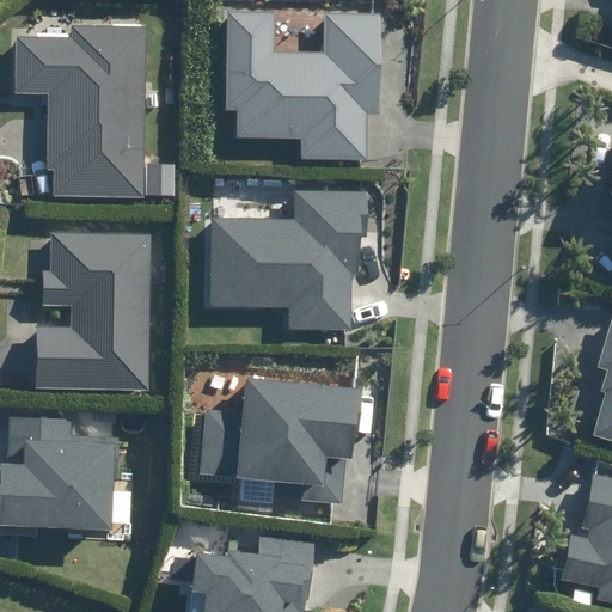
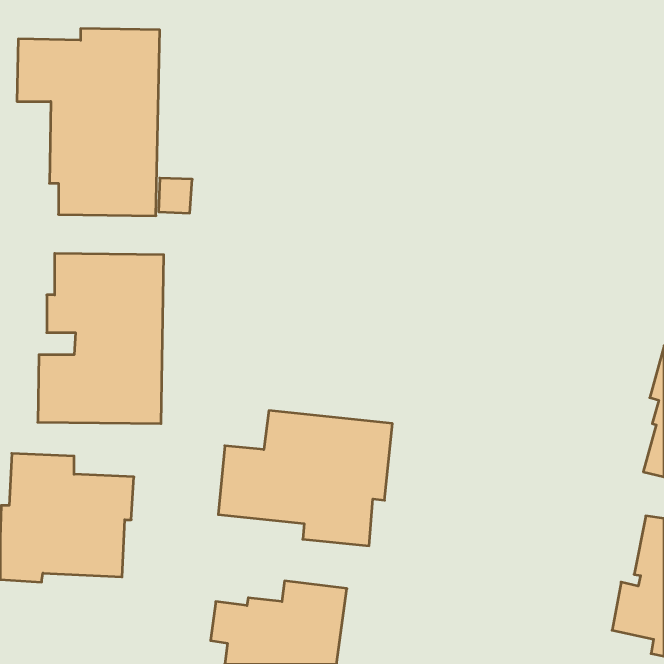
building: [225,13,379,160] -> none
building: [208,191,369,331] -> none

